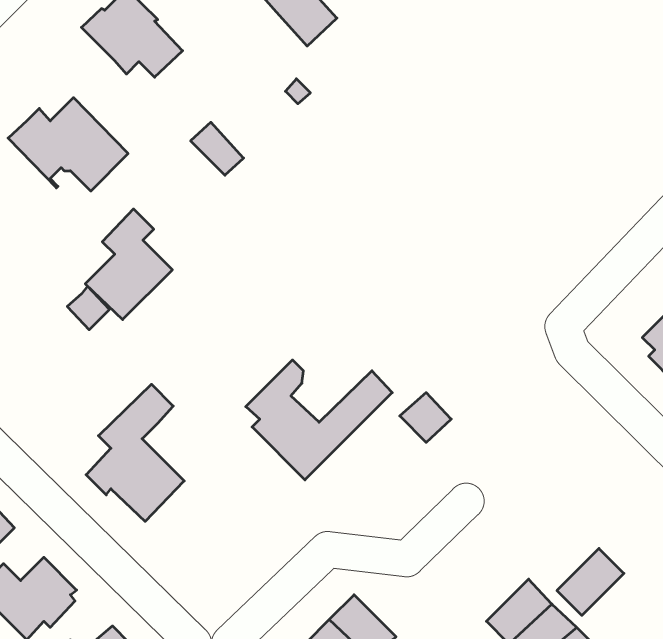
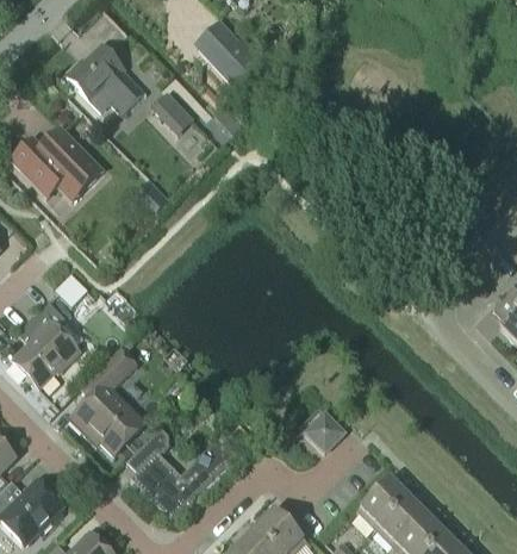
building: [191,122,244,175] -> [151,92,192,132]
building: [85,209,172,320] -> [12,301,79,386]
building: [246,360,392,480] -> [126,425,238,517]
building: [400,393,451,442] -> [306,412,345,450]
building: [557,548,624,615] -> [357,477,409,528]

